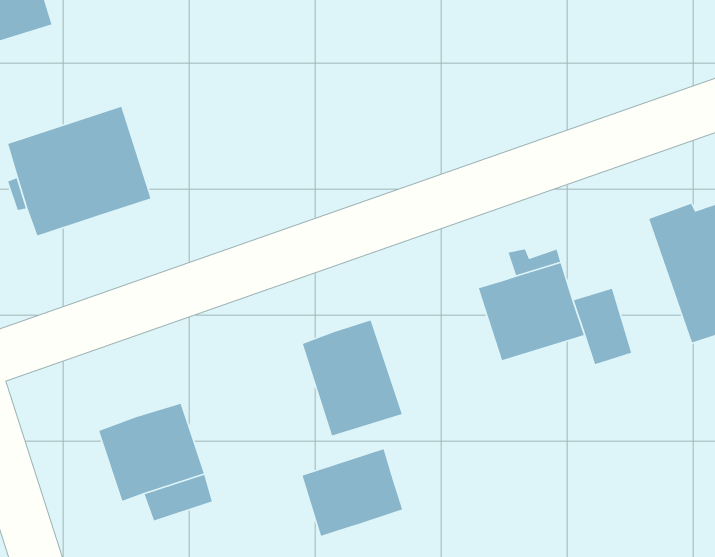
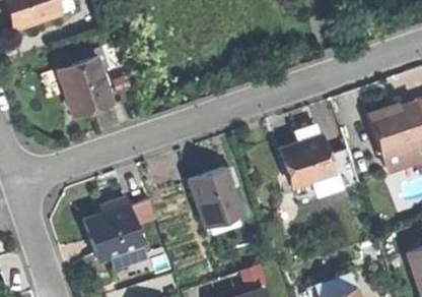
building: [301,448,403,537] -> none

